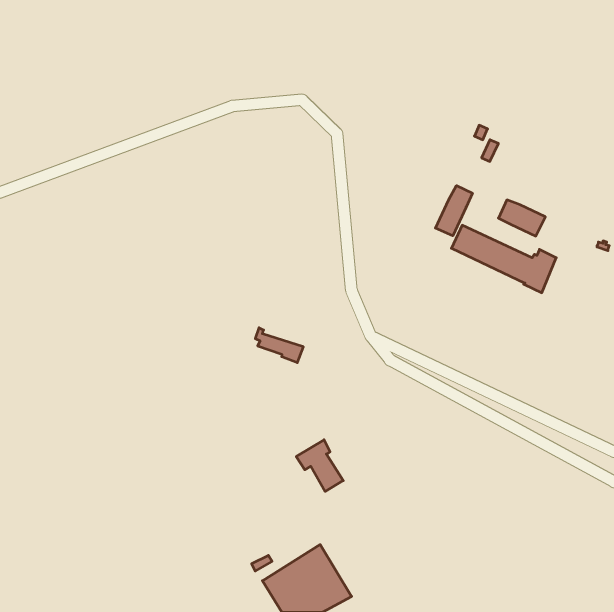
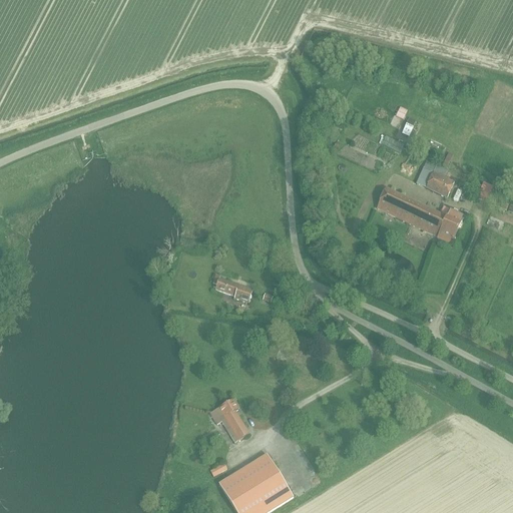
building: [435,186,472,236] -> none
building: [296,440,343,491] -> [209,398,248,441]

